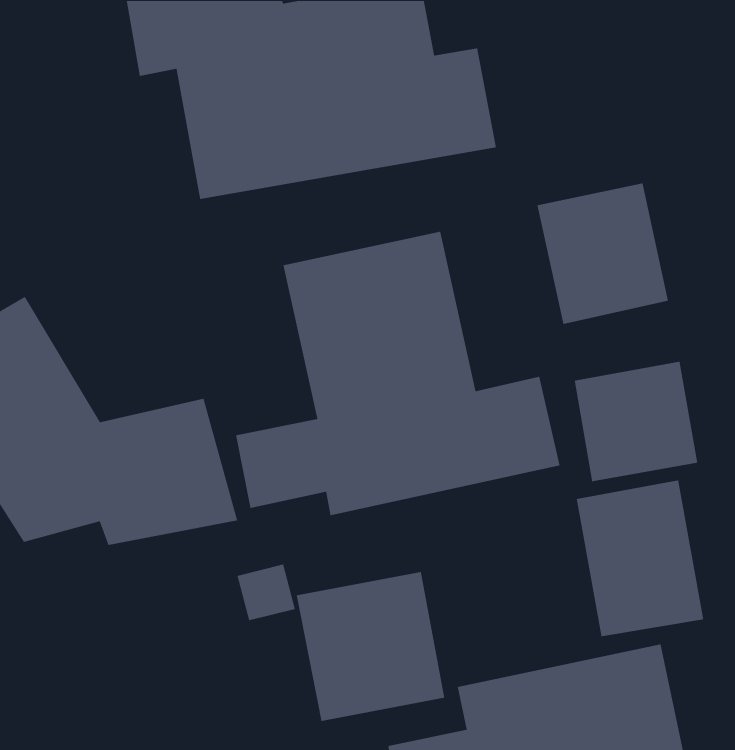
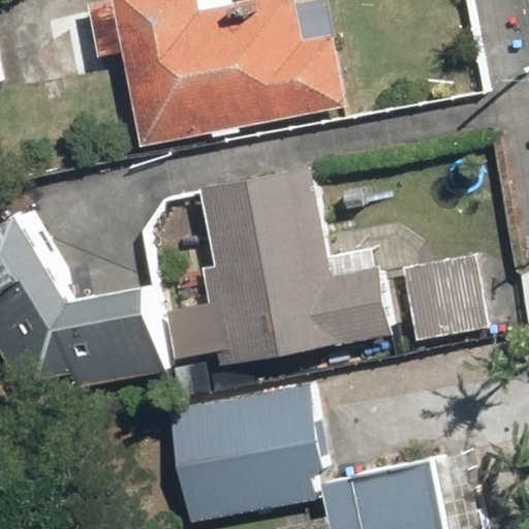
building: [537,183,669,325] -> none
building: [576,480,704,637] -> none

